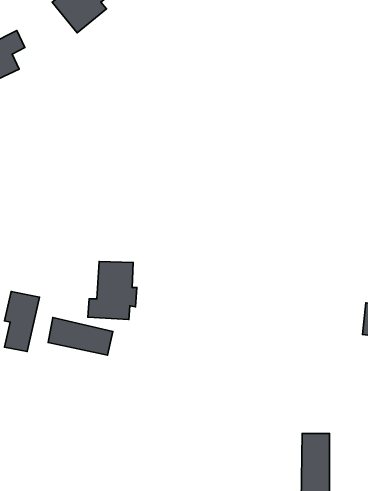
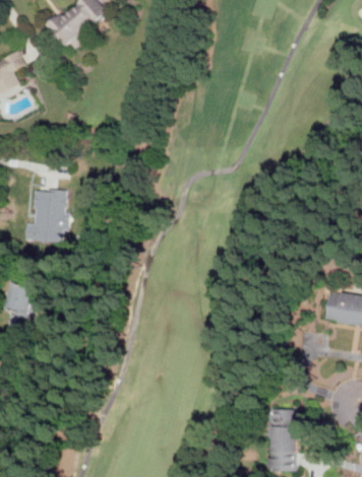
building: [88,261,137,319] -> [24,190,68,242]
building: [48,318,113,355] -> none

